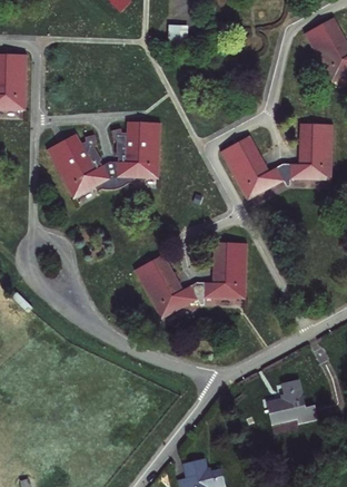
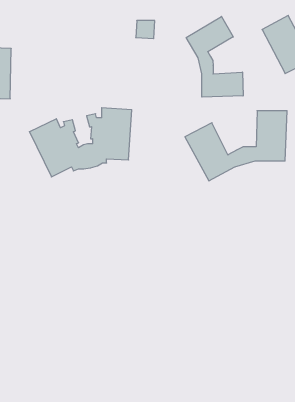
building: none -> [186,16,243,97]
building: [133,241,247,319] -> none
building: [262,380,315,426] -> none

